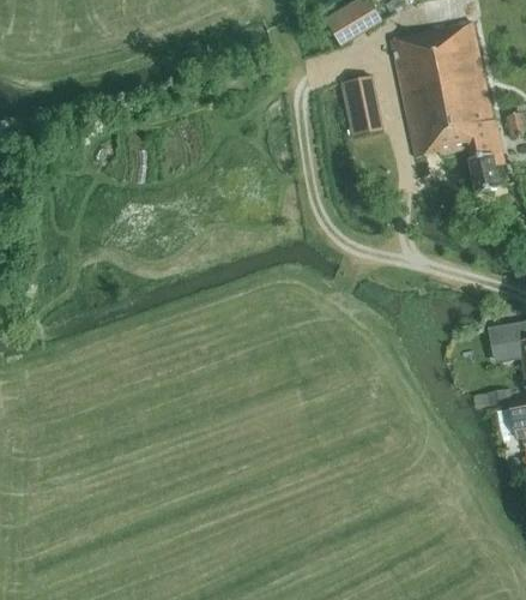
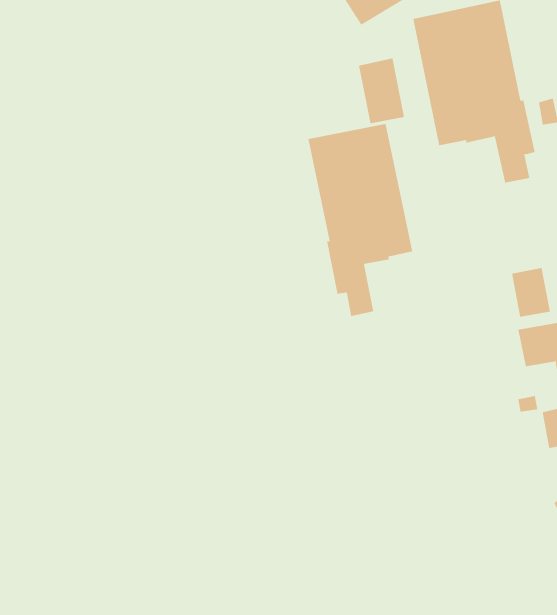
building: none -> [308,123,413,317]
building: none -> [512,267,551,317]

